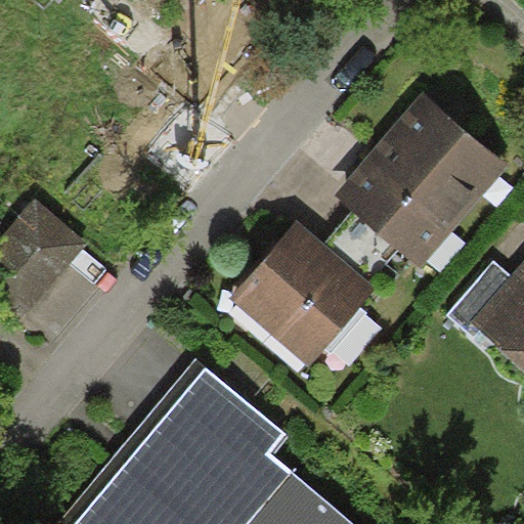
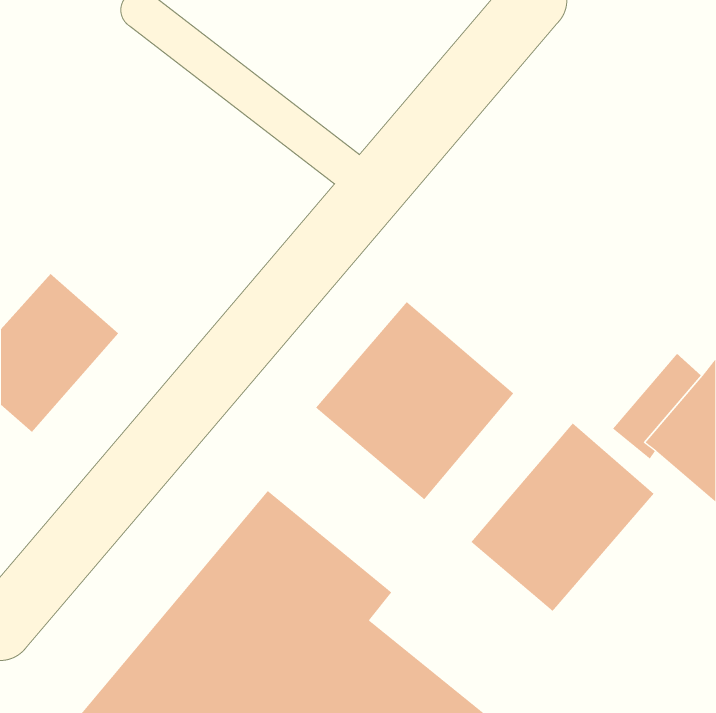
building: [334,94,509,271] -> none
building: none -> [471,422,655,612]

